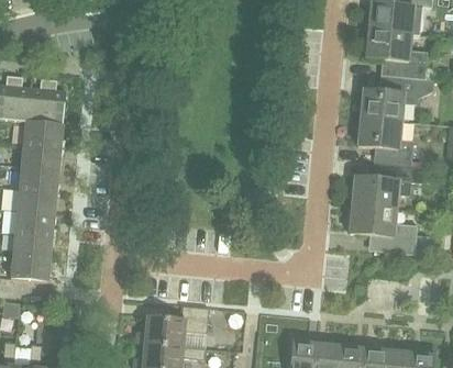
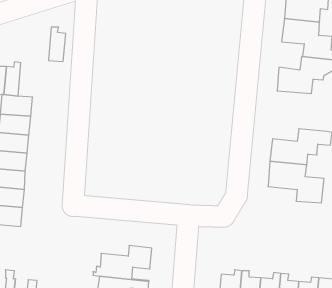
building: [45,83,66,125] -> [49,27,66,61]
building: [358,118,421,167] -> none

